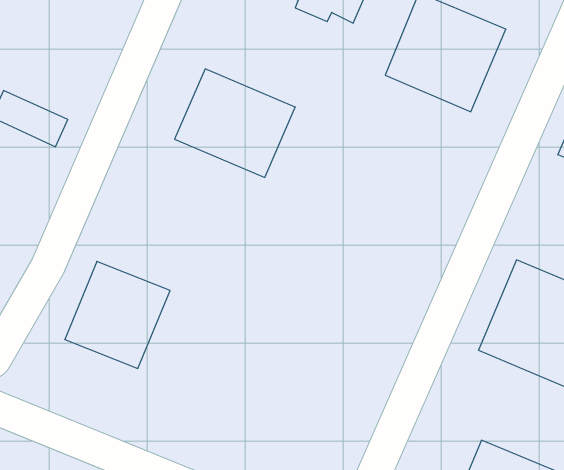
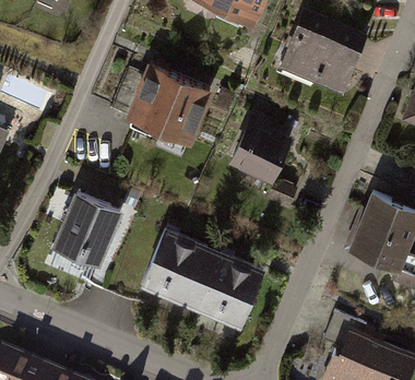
building: none -> [230,115,295,179]
building: none -> [141,234,266,333]

